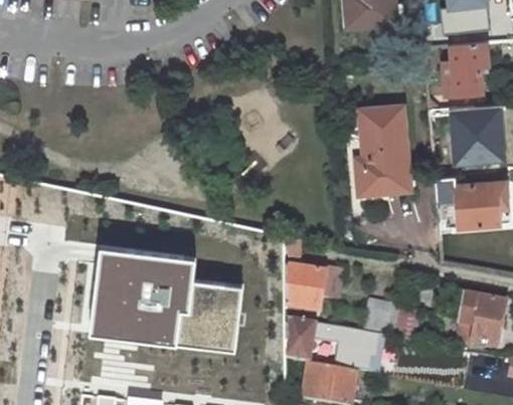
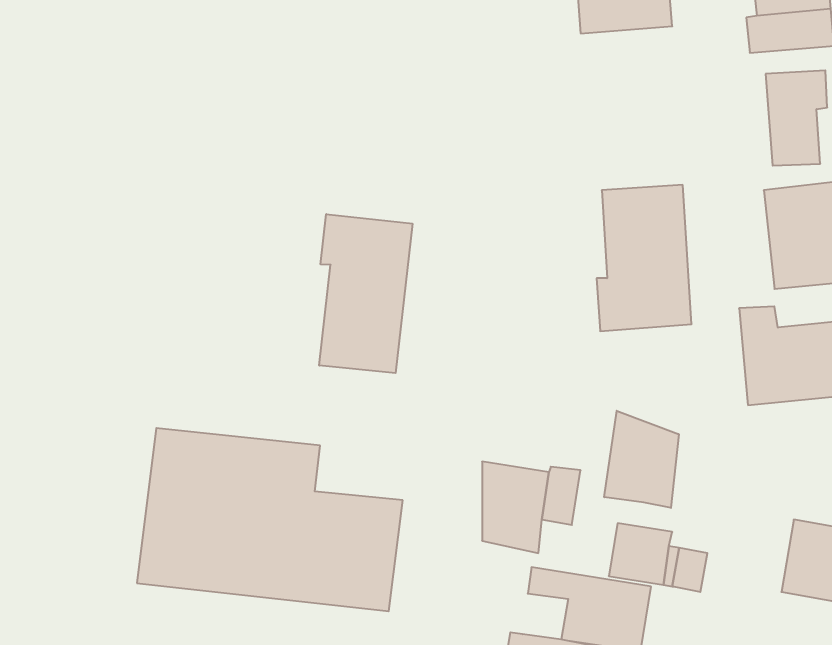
building: none -> [319,214,412,373]
building: none -> [604,411,679,508]
building: [288,320,317,363] -> none

